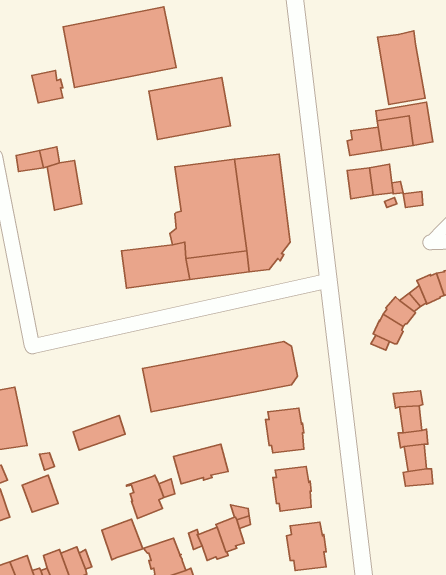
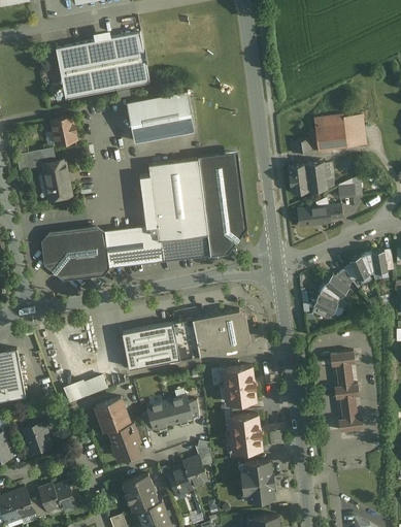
building: [377,31,425,104] -> none
building: [32,71,63,103] -> [49,118,75,144]
building: none -> [298,205,341,226]
building: none -> [42,229,107,278]
building: [102,519,143,560] -> [95,398,129,432]

